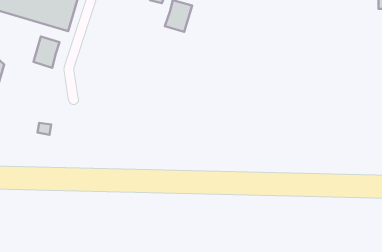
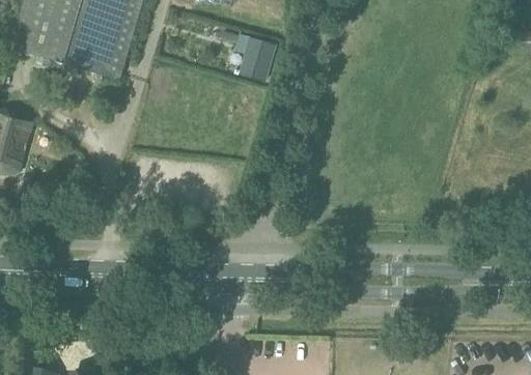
building: [33,37,60,68] -> none

